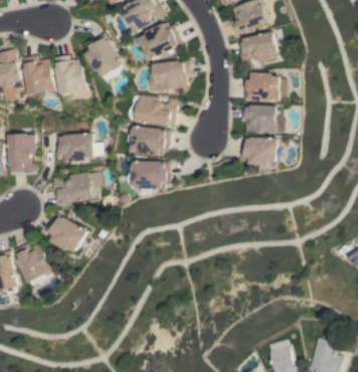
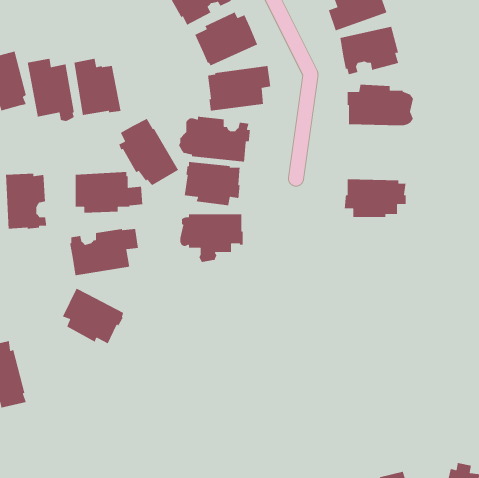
building: [83,33,126,80] -> [118,118,179,186]
building: [240,105,288,134] -> none
building: [15,242,56,287] -> none

